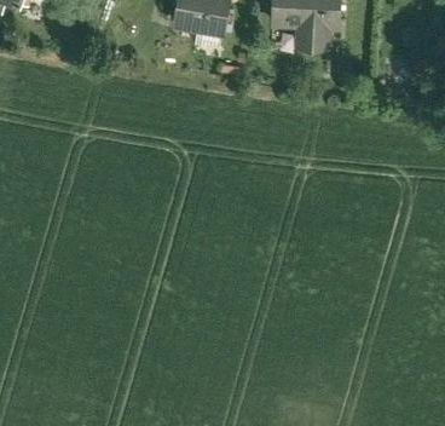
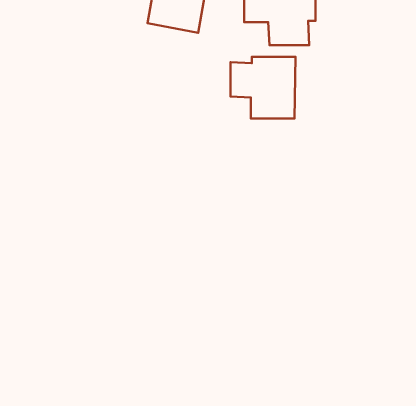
building: none -> [231,57,296,119]

